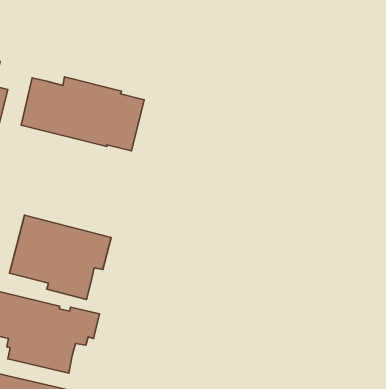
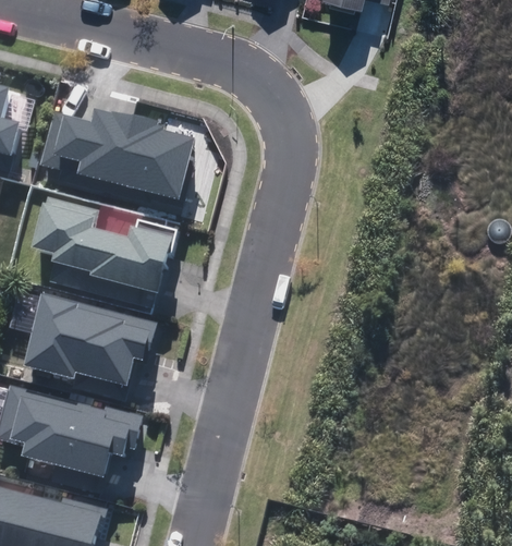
building: none -> [33,191,179,306]

